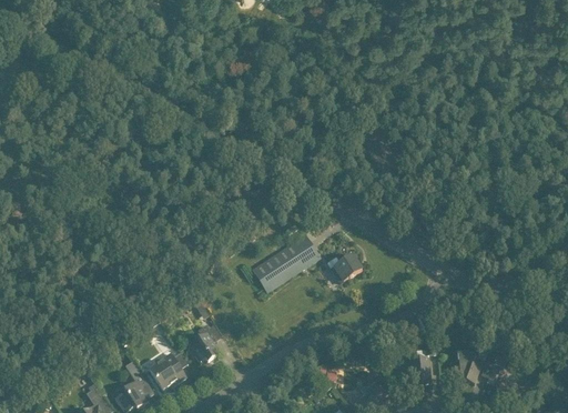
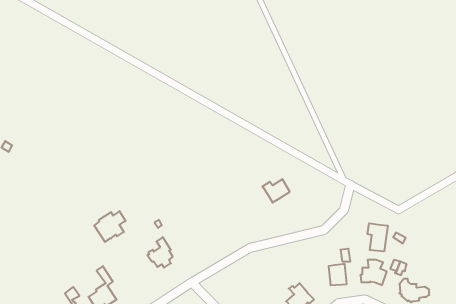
building: [253,234,320,292] -> none
building: none -> [368,223,388,251]
building: [149,351,187,389] -> [94,211,126,242]

